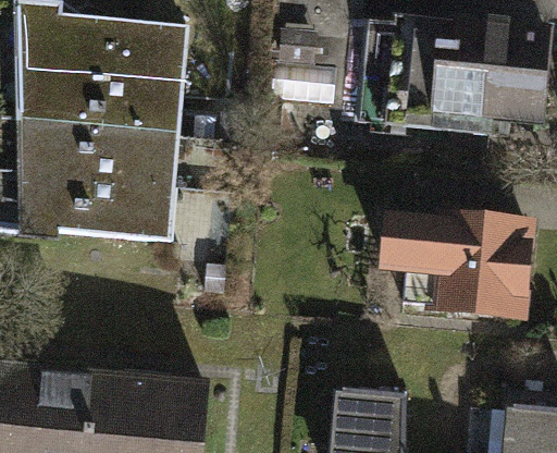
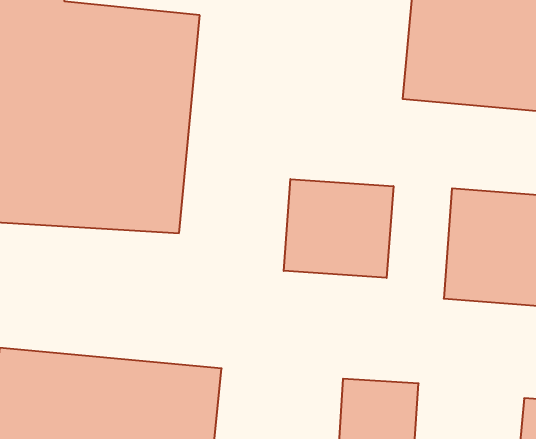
building: none -> [284,179,393,278]

